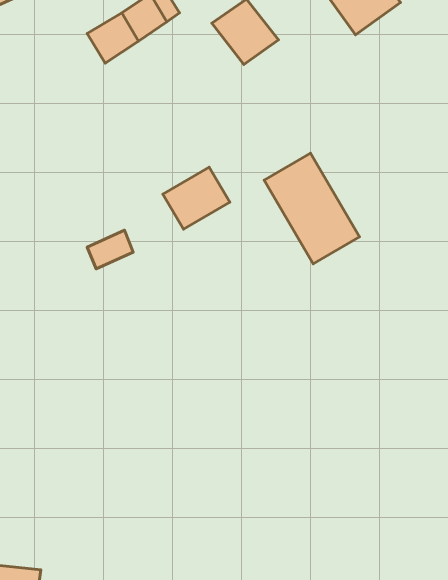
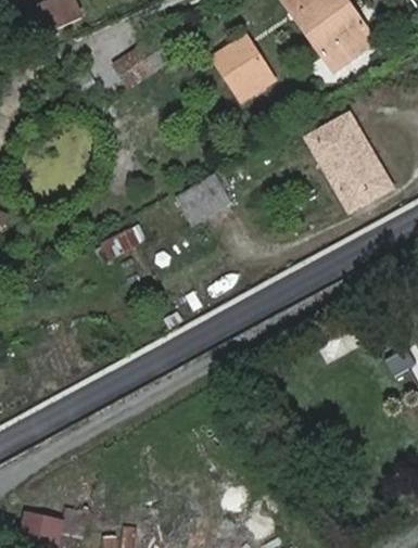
building: [264,153,359,264] -> [307,114,388,207]

